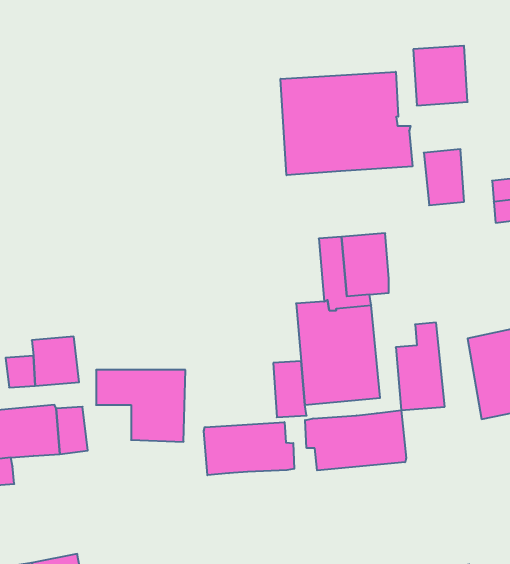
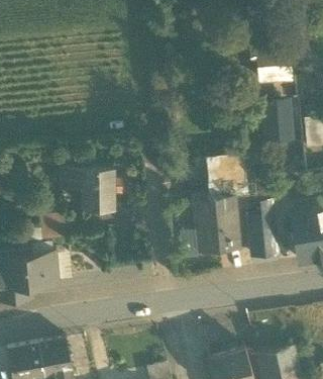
building: [281,72,412,175] -> none
building: [96,370,185,442] -> [64,168,115,209]
building: [305,410,406,470] -> none
building: [204,422,294,475] -> none

